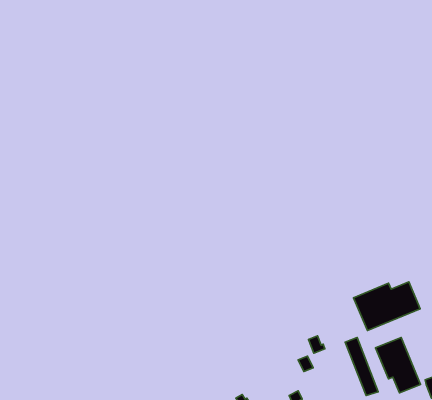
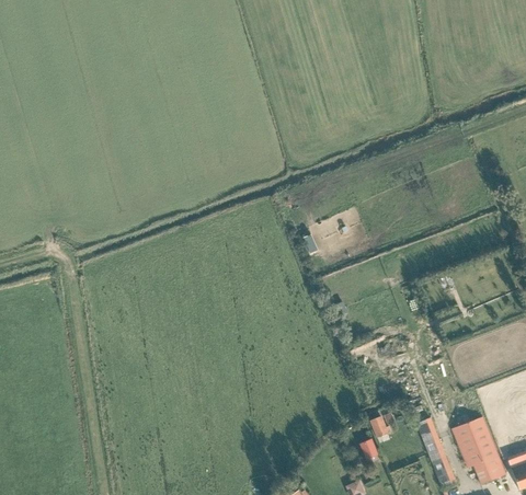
building: [353,282,420,331] -> none

